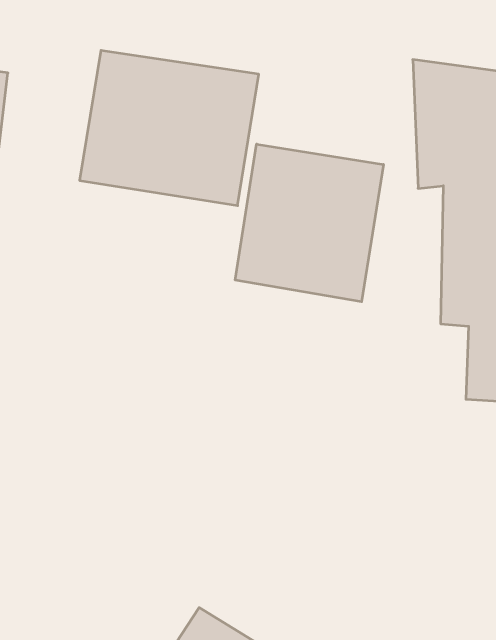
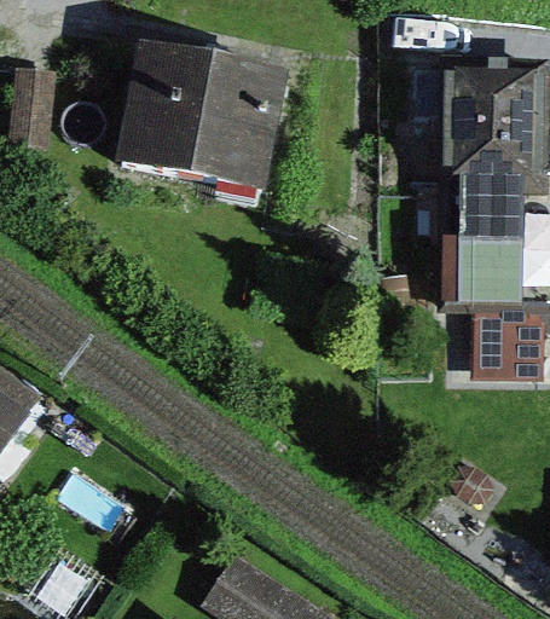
building: [235,144,383,302] -> none

